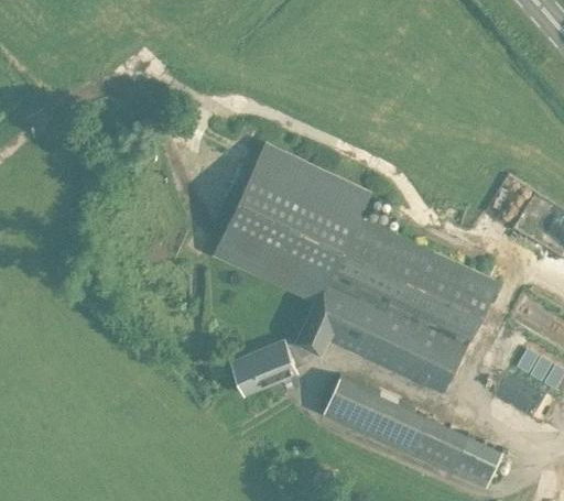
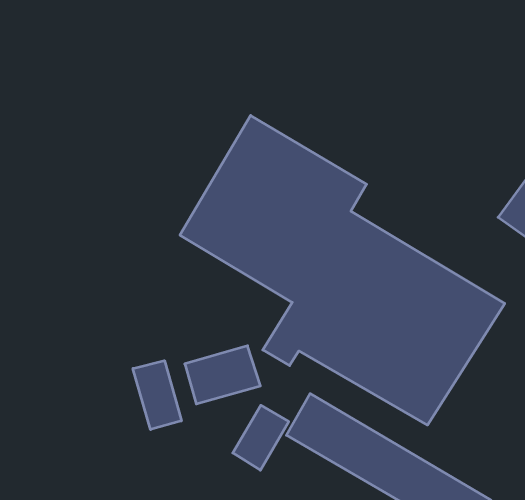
building: none -> [133,361,181,430]
building: none -> [233,405,289,470]

